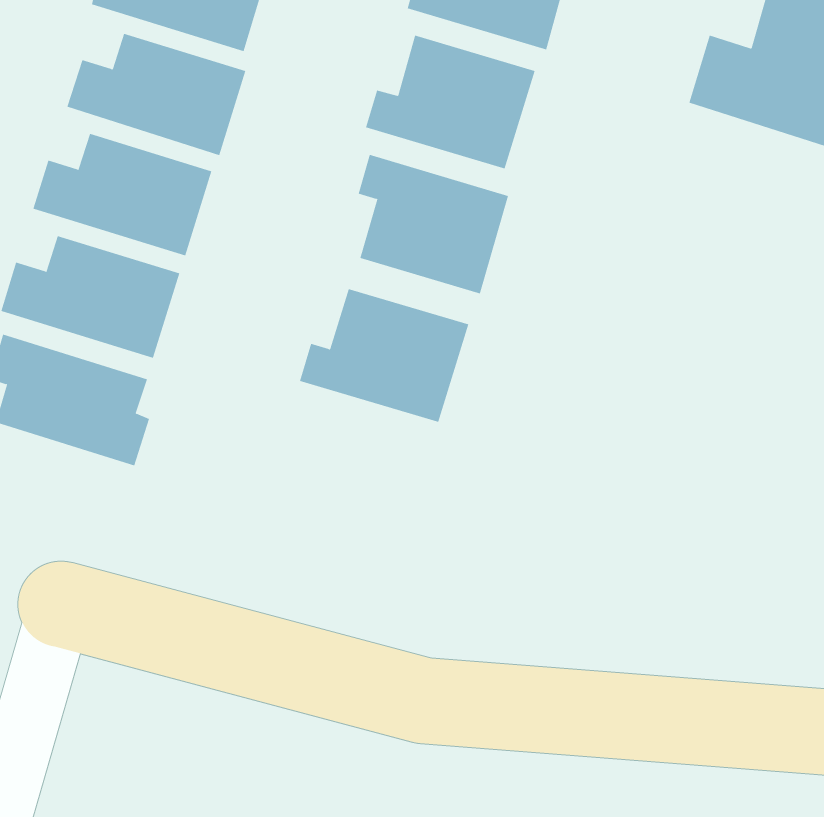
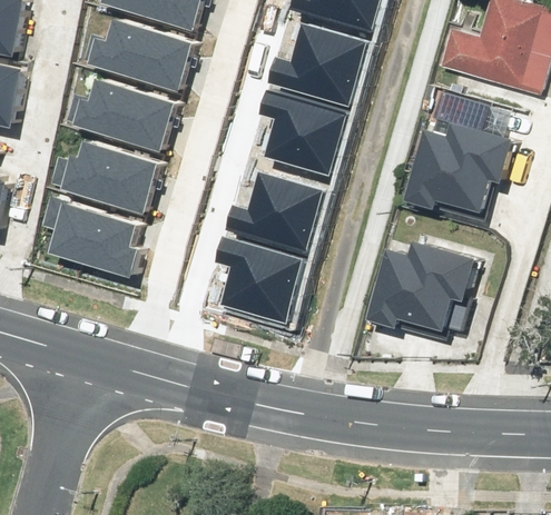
building: none -> [415,120,520,208]
building: none -> [378,237,483,325]
building: none -> [215,239,304,320]

